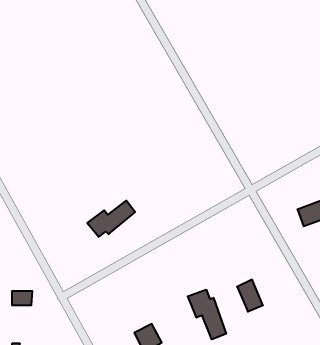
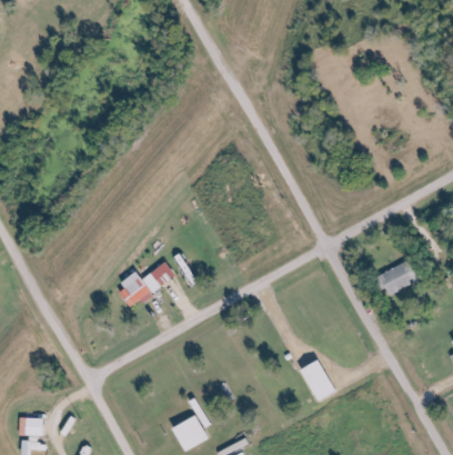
building: [188,290,226,339] -> none
building: [12,291,32,305] -> [18,417,43,435]

